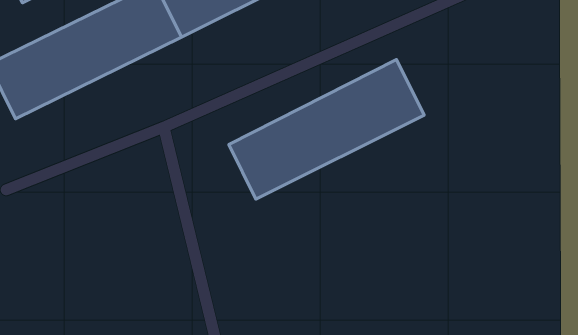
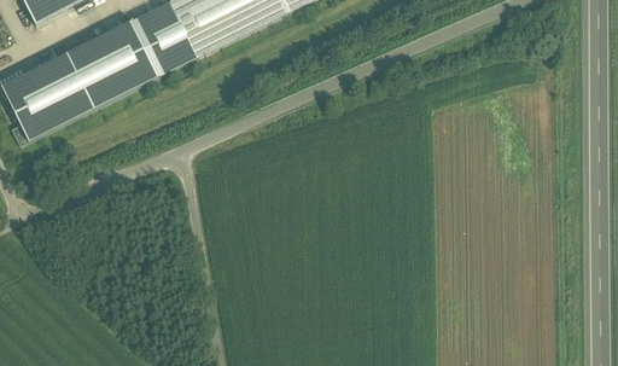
building: [229,60,424,199] -> none

